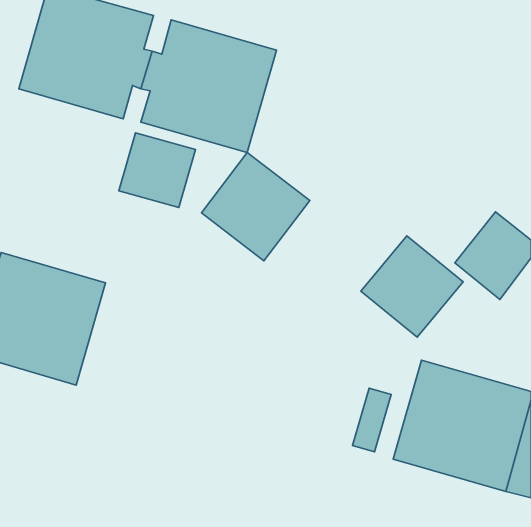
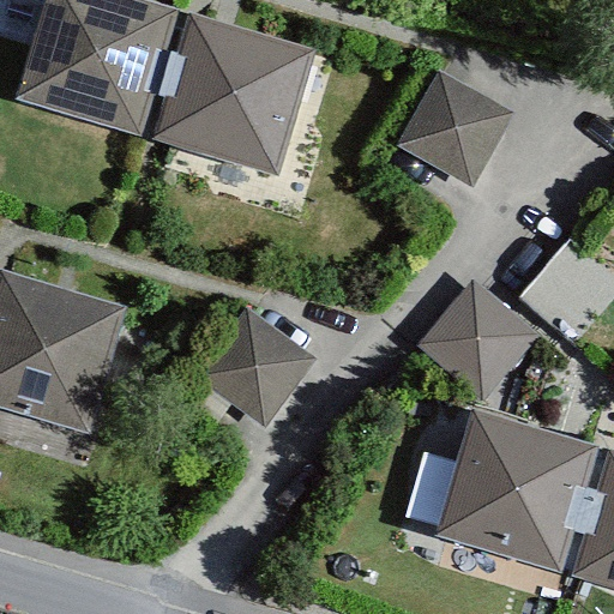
building: none -> [395,66,513,185]
building: [119,133,196,208] -> none
building: [201,152,310,261] -> [189,301,314,426]

